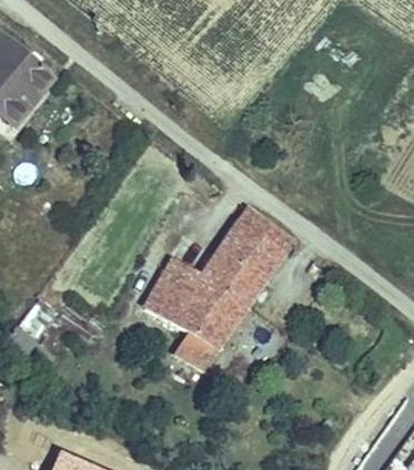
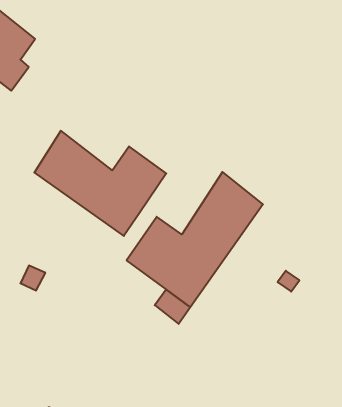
building: none -> [34,131,166,236]

